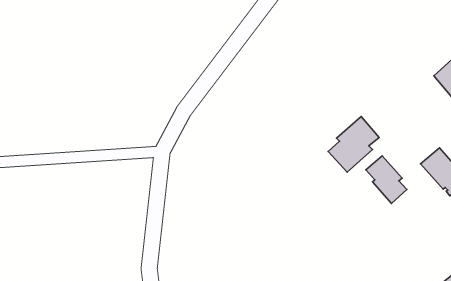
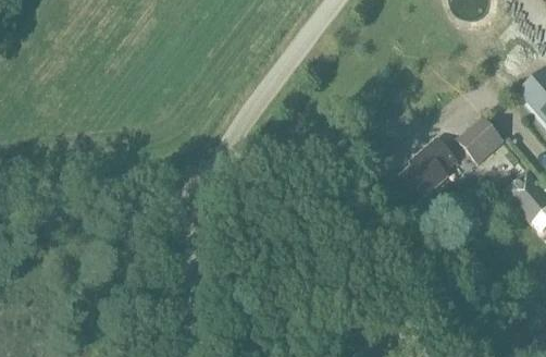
building: none -> [457,115,504,163]
building: [366,156,407,203] -> none

